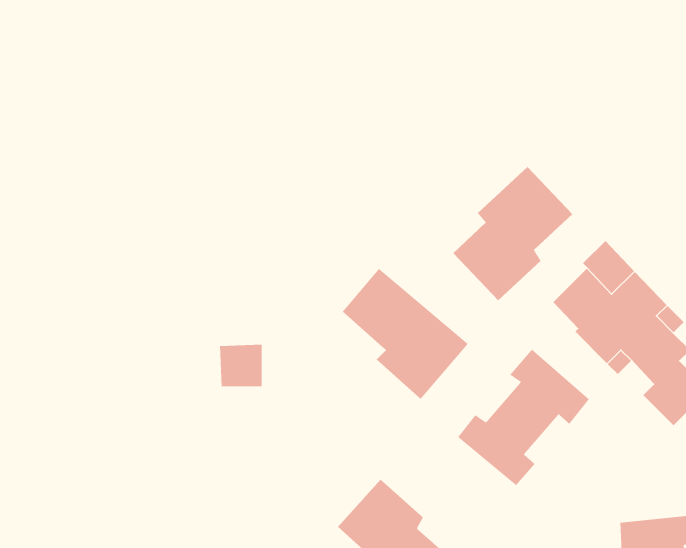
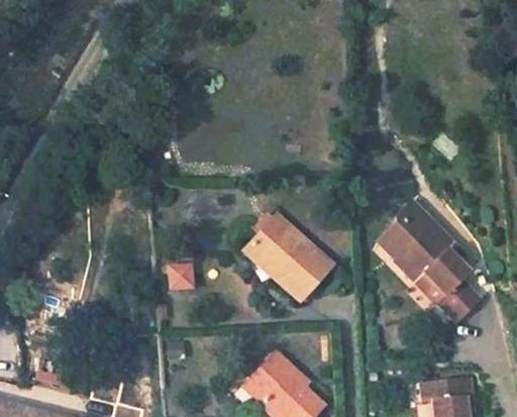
building: [453,166,573,301] -> none
building: [457,349,590,486] -> none

